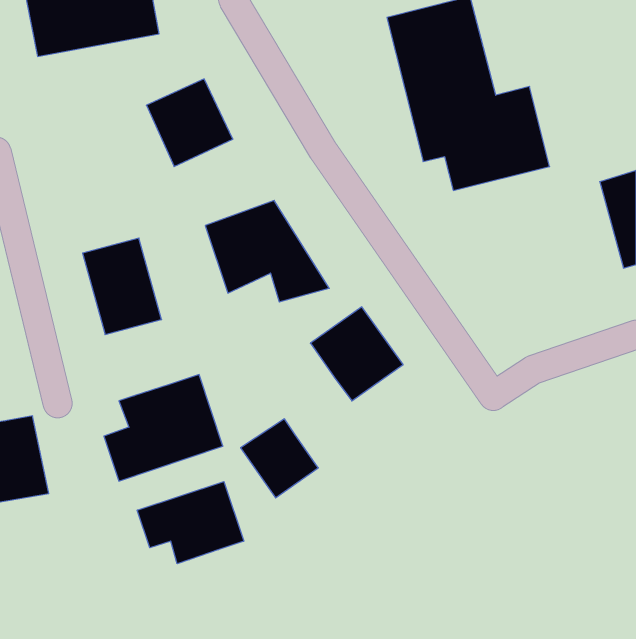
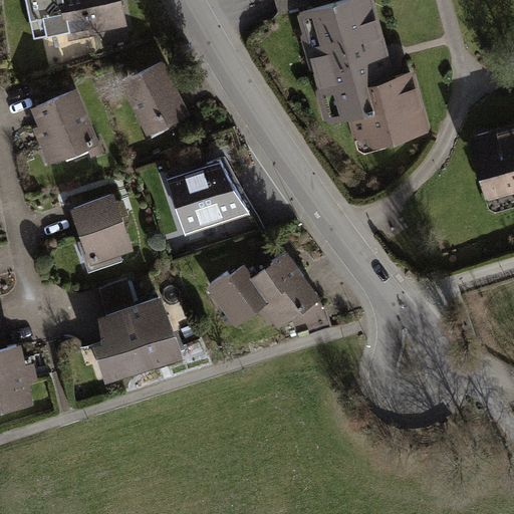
building: none -> [29,92,93,167]
building: [241,419,318,498] -> [206,263,268,326]
building: [137,482,244,564] -> none

